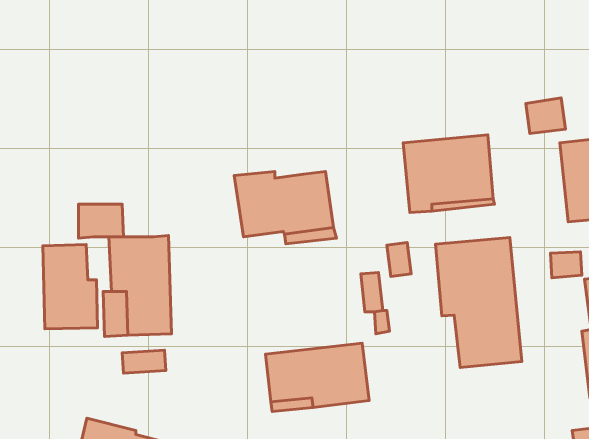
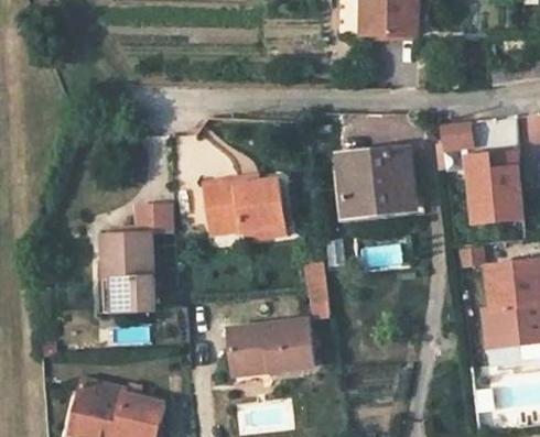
building: [79,204,124,238] -> [138,206,174,233]
building: [436,237,522,367] -> none
building: [43,245,97,329] -> none

